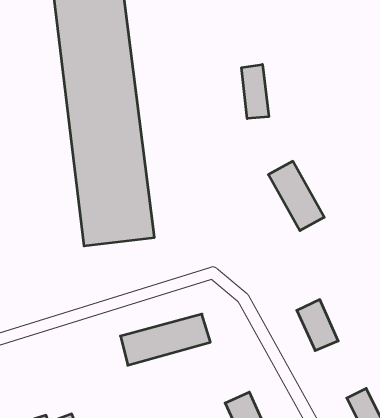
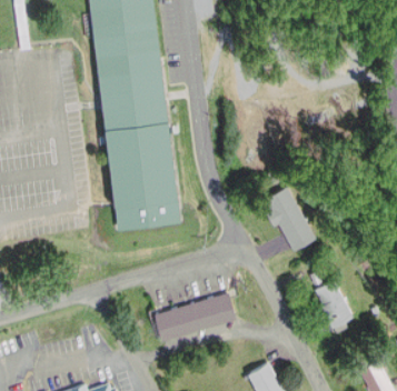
building: [242,64,269,119] -> none
building: [268,161,324,231] -> [262,187,314,250]

